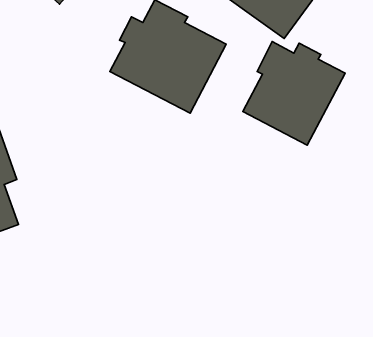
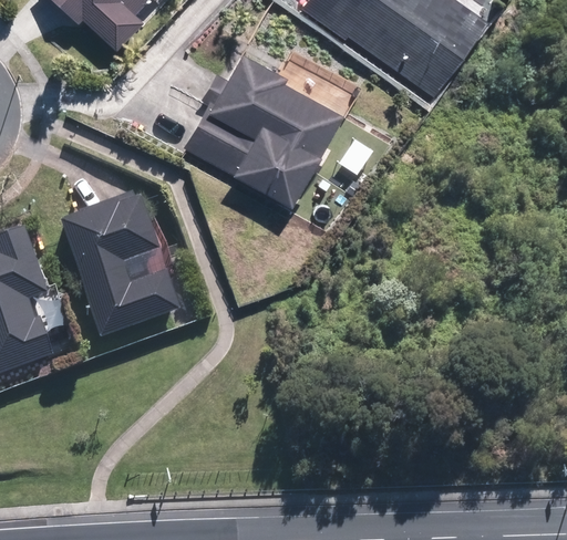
building: [243,42,345,145] -> none
building: none -> [64,191,179,338]

